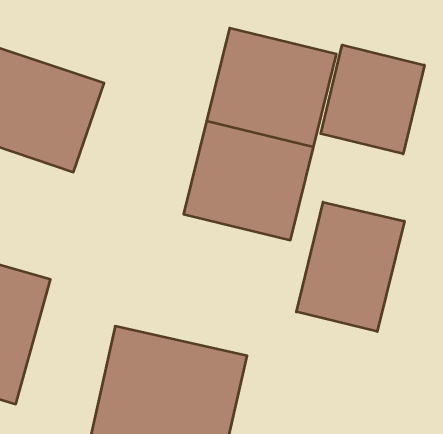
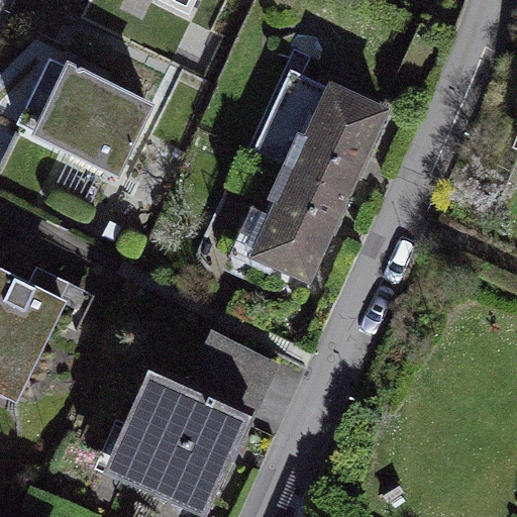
building: [321,45,424,154] -> none
building: [296,202,404,332] -> none

